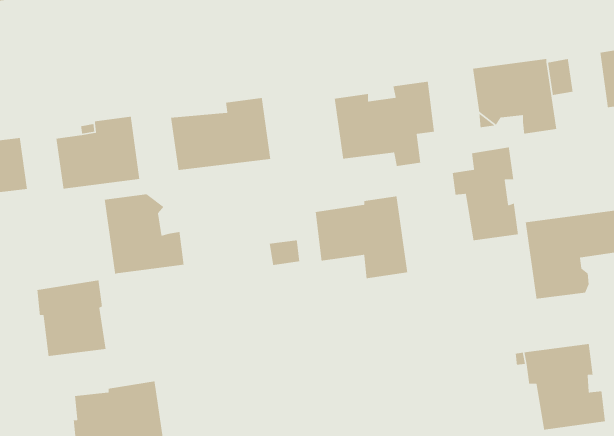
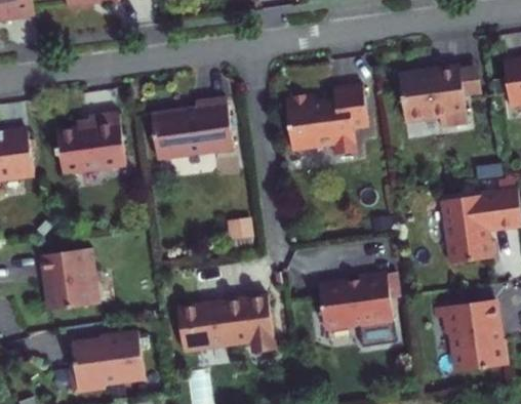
building: [452,147,519,241] -> none
building: [104,193,185,275] -> none
building: [315,195,408,279] -> [319,273,396,341]
building: none -> [177,294,275,353]

